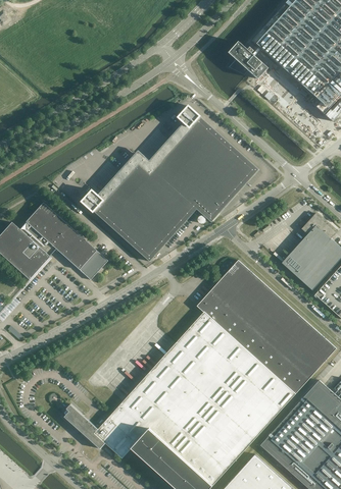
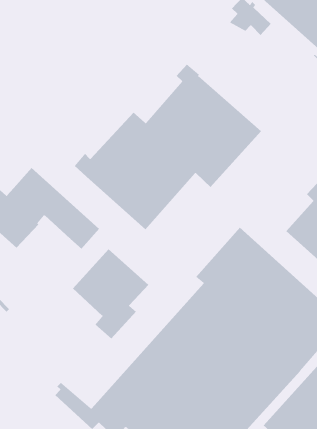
building: none -> [72,248,149,339]

